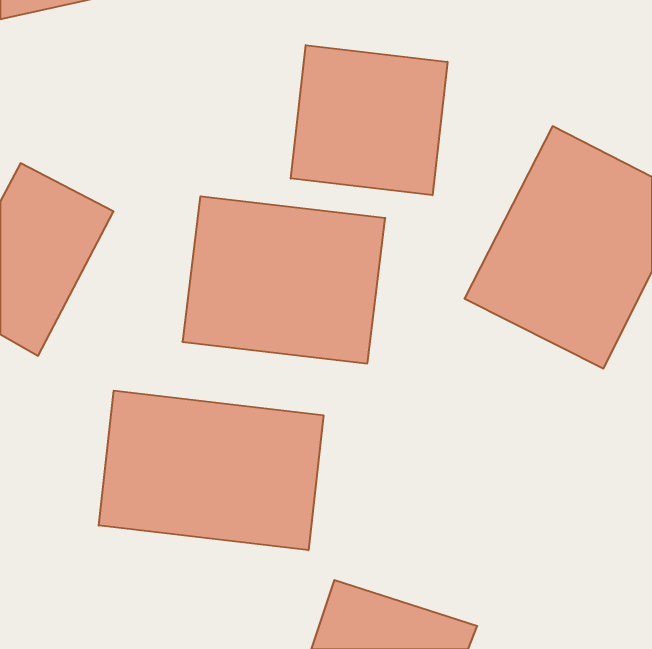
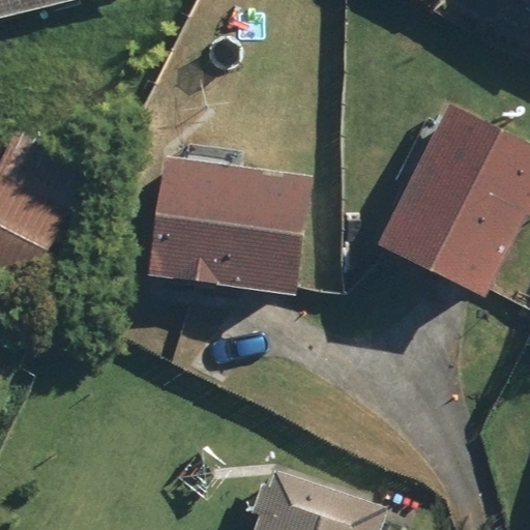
building: [291,45,447,195] -> none
building: [99,391,323,550] -> none

